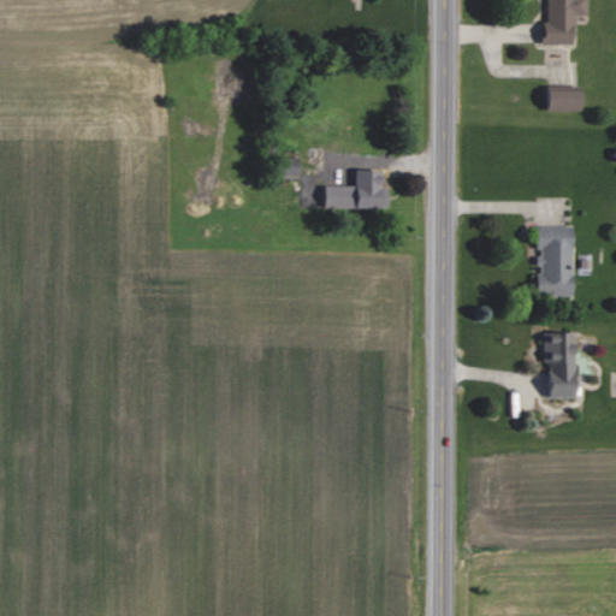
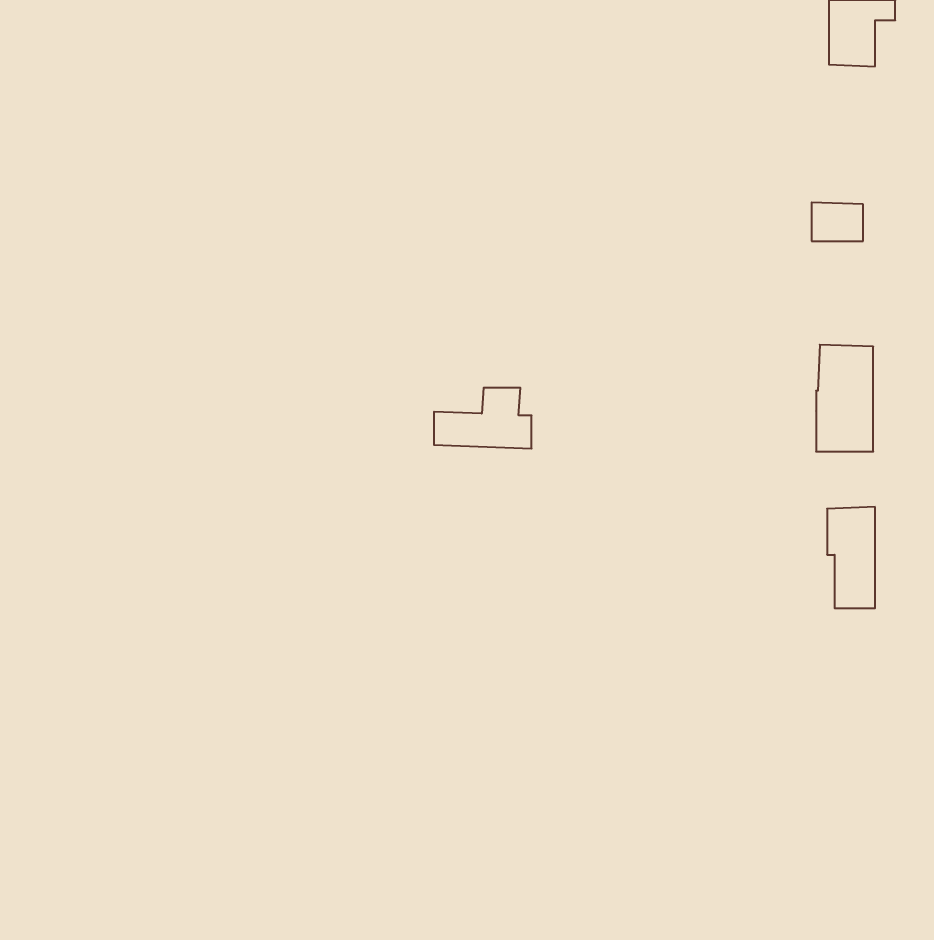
building: [549,85,582,111] -> [812,202,863,241]
building: [325,170,389,209] -> [434,388,532,449]

